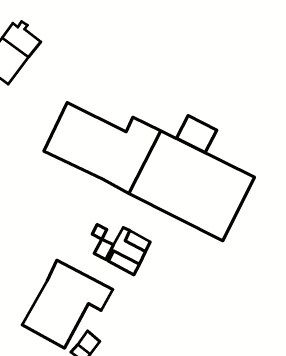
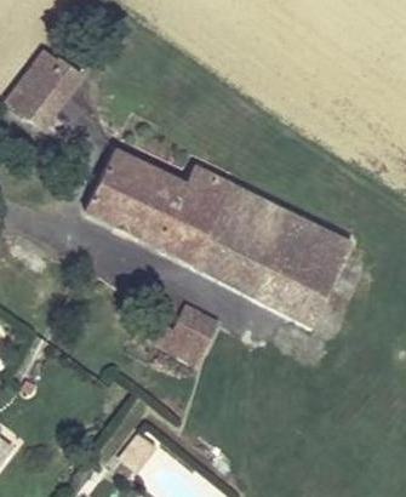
building: [176,116,217,153] -> none
building: [22,260,113,348] -> none

